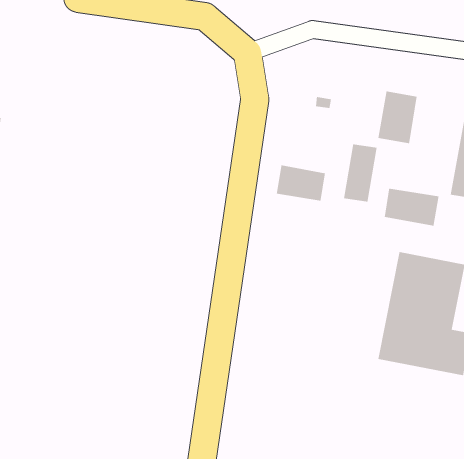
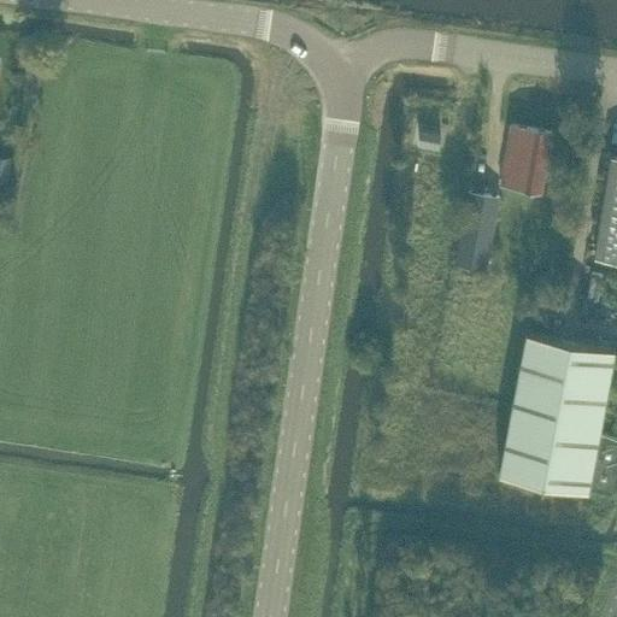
building: [276,165,326,201] -> none
building: [384,188,439,226] -> none

